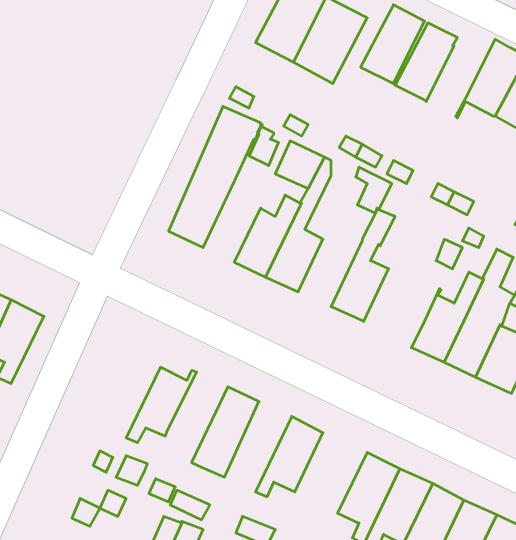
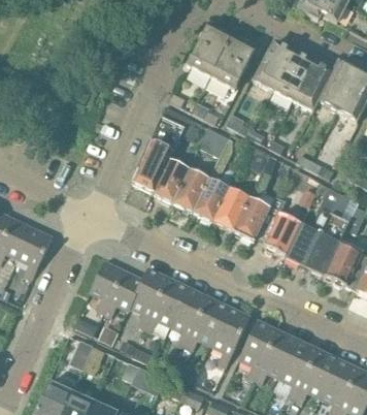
building: none -> [293,62,336,110]
building: none -> [153,152,189,202]
building: none -> [212,184,253,230]
building: none -> [254,206,301,256]
building: none -> [89,259,126,313]
building: none -> [130,272,168,328]
building: none -> [170,290,208,347]
building: none -> [210,310,248,366]

